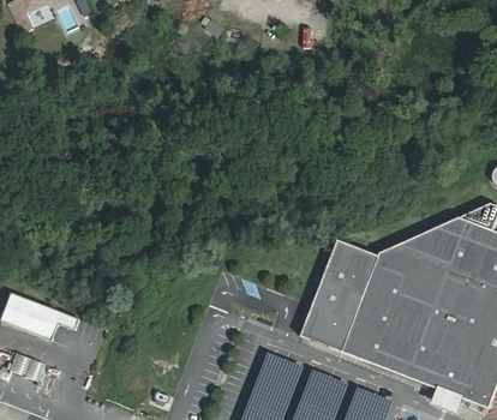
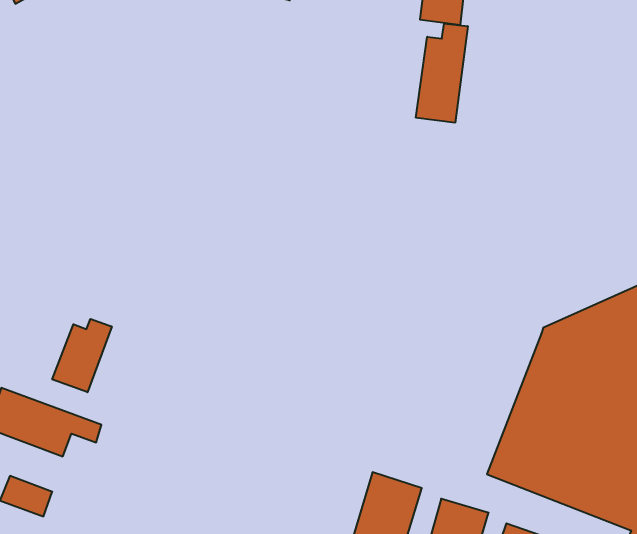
building: none -> [416,24,468,123]
building: [301,239,379,352] -> none
building: none -> [52,319,112,392]

